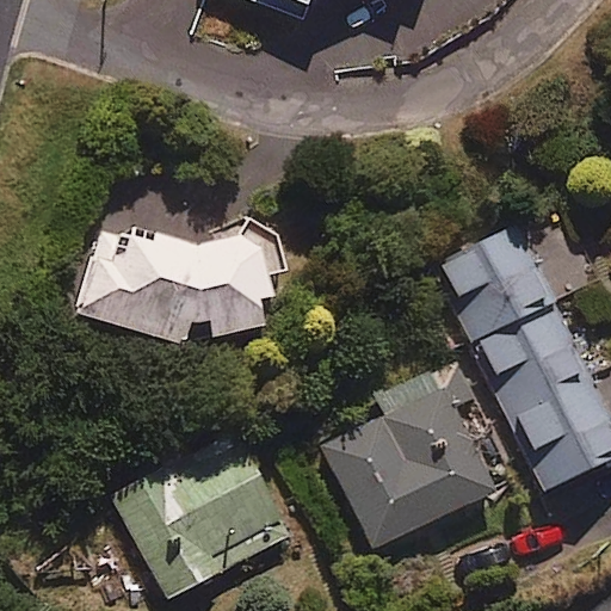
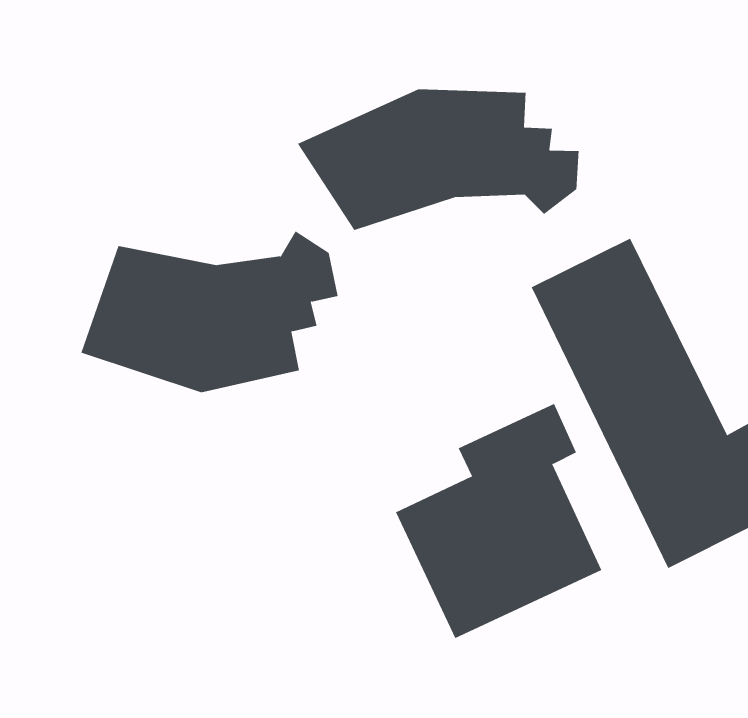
building: none -> [297,89,579,231]
building: [111,433,285,599] -> none

